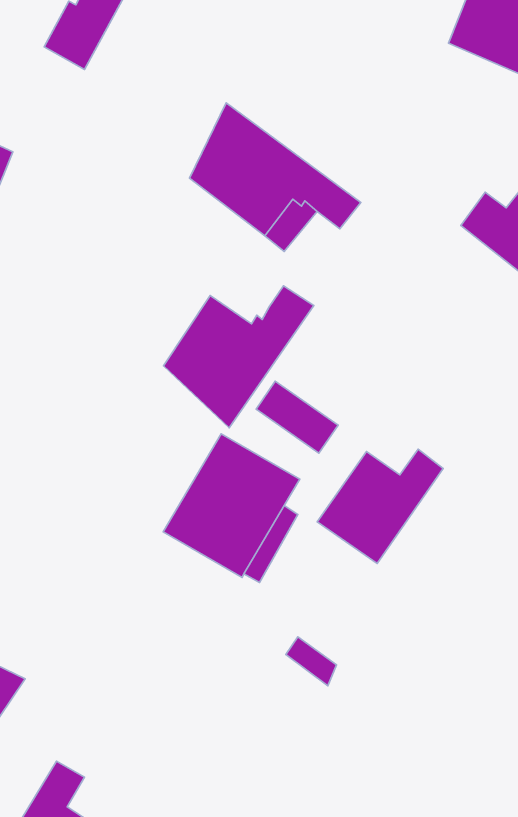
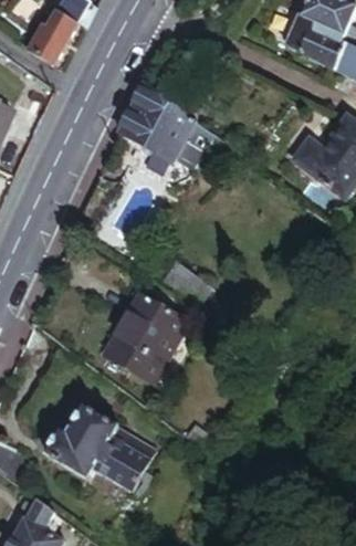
building: [164,286,314,428] -> none
building: [317,449,443,563] -> none
building: none -> [46,405,150,489]

